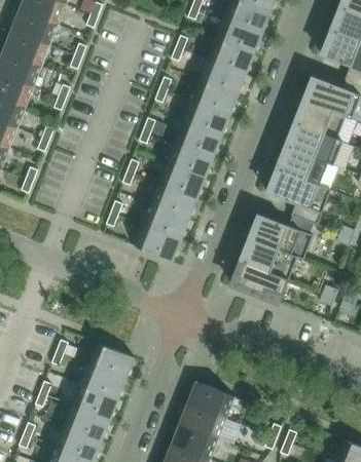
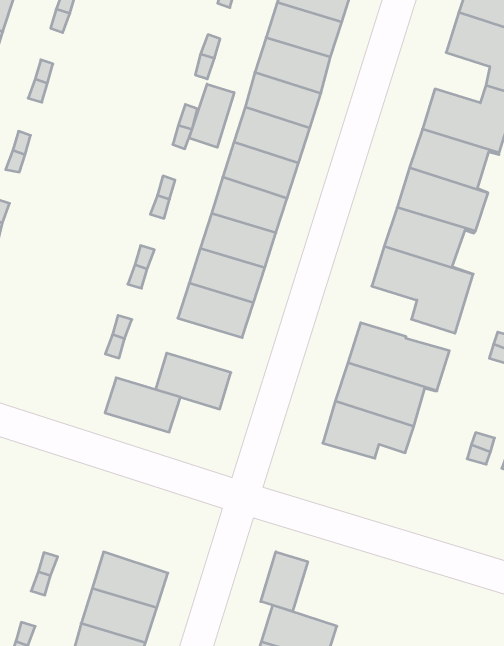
building: none -> [189,84,234,147]
building: [141,204,187,239] -> [105,378,181,432]
building: none -> [261,552,308,611]

